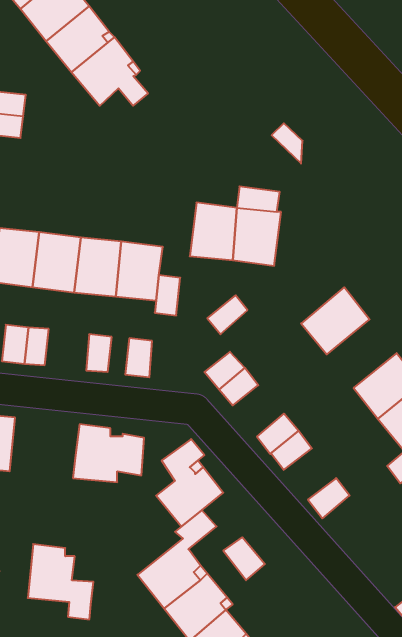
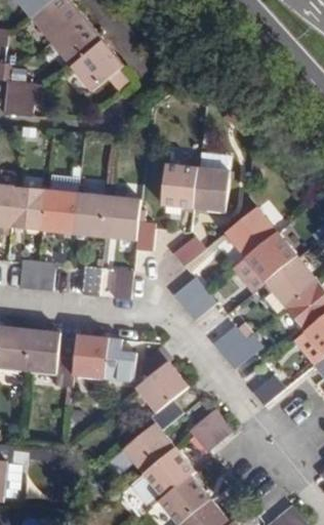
building: none -> [226,204,279,257]
building: none -> [266,254,319,307]
building: [28,544,93,619] -> [24,329,74,387]

